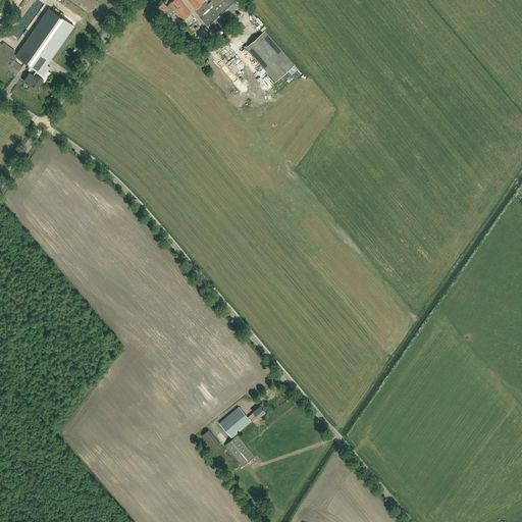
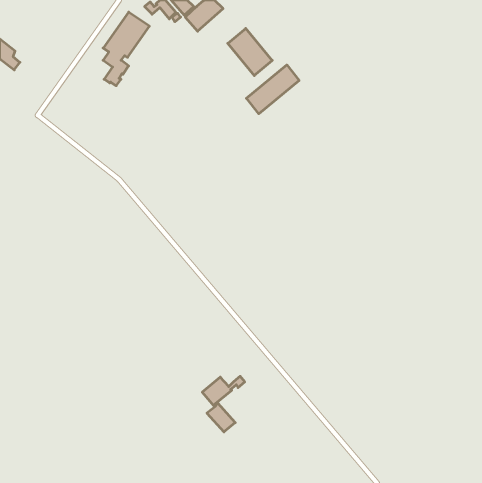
building: [21,9,71,89] -> [103,12,149,86]
building: none -> [246,65,299,114]

